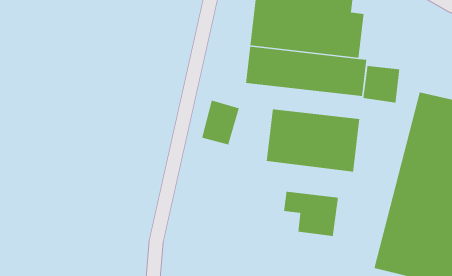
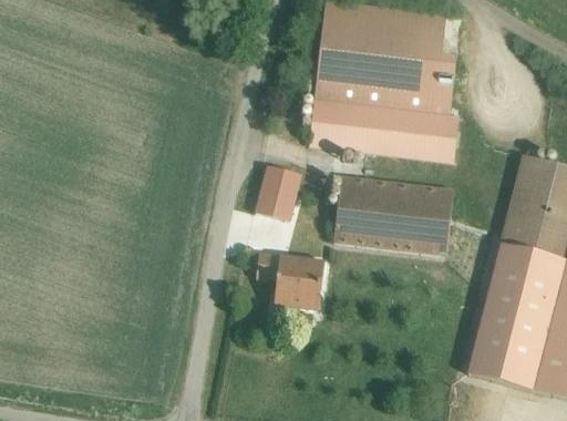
building: [362,65,400,104] -> none
building: [283,191,339,237] -> [257,251,326,308]

